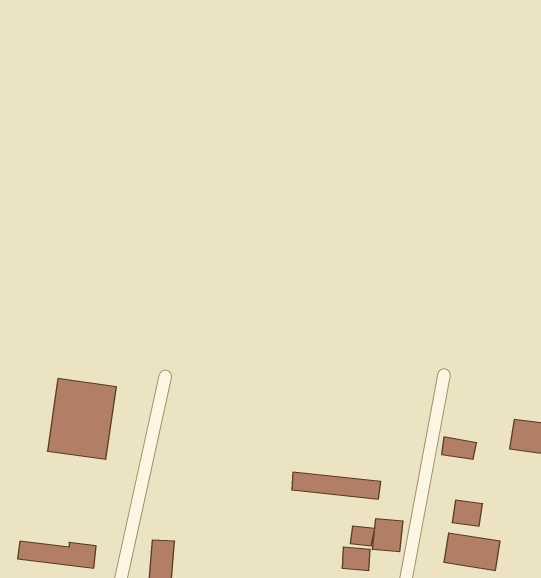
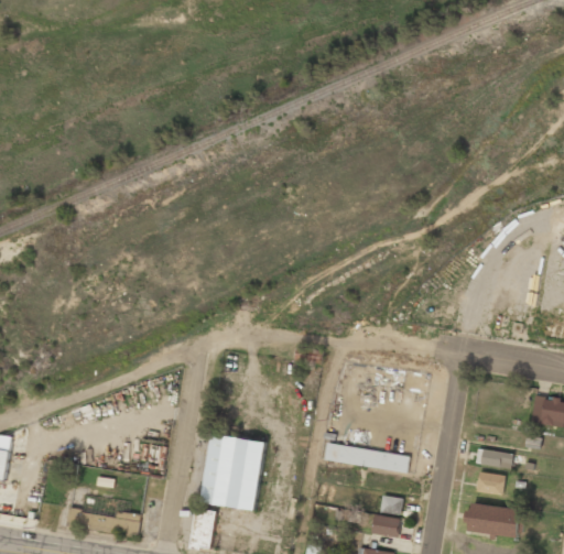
building: [47,379,116,459] -> [200,434,265,510]
building: [442,437,477,459] -> [480,448,513,469]
building: [373,519,403,552] -> none

